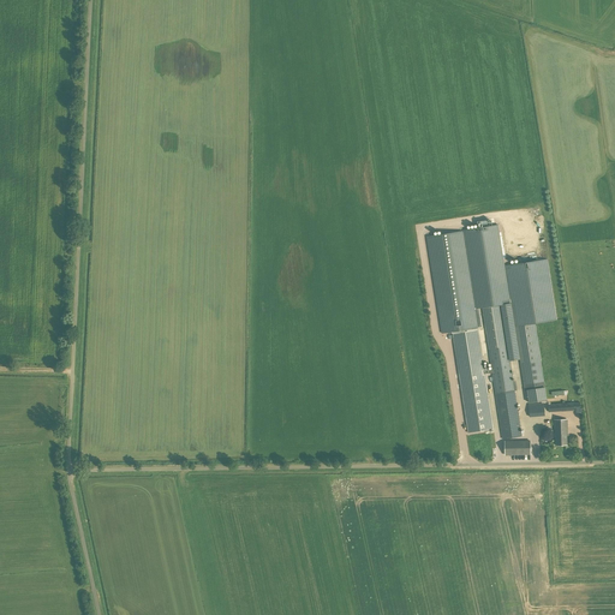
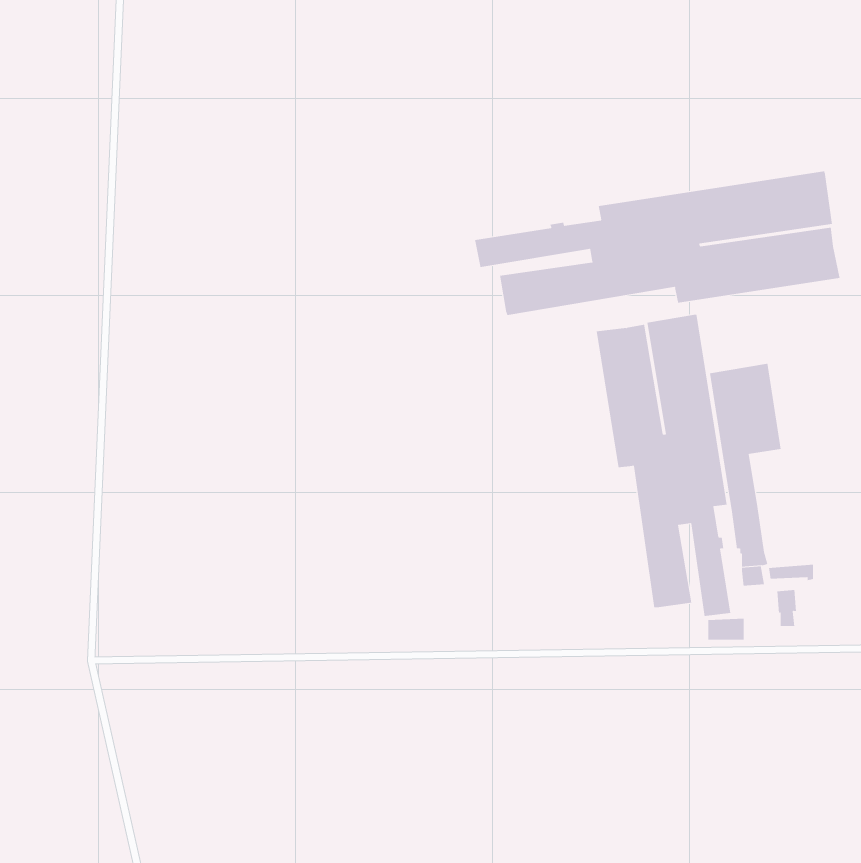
building: none -> [475,171,840,316]

